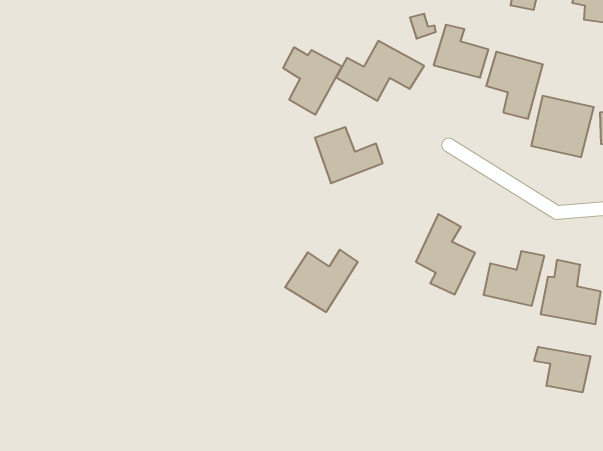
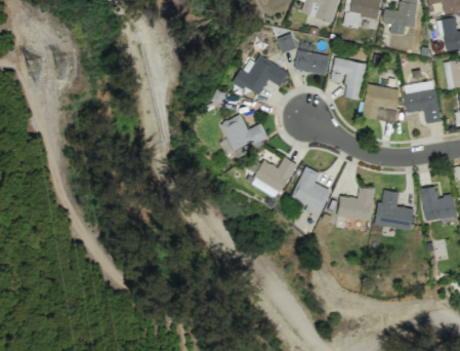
building: [283,47,342,115] -> none
building: [285,250,358,312] -> [250,156,296,197]
building: [534,347,590,392] -> none

